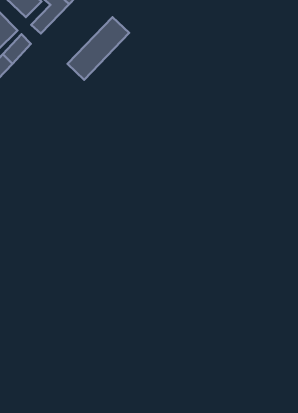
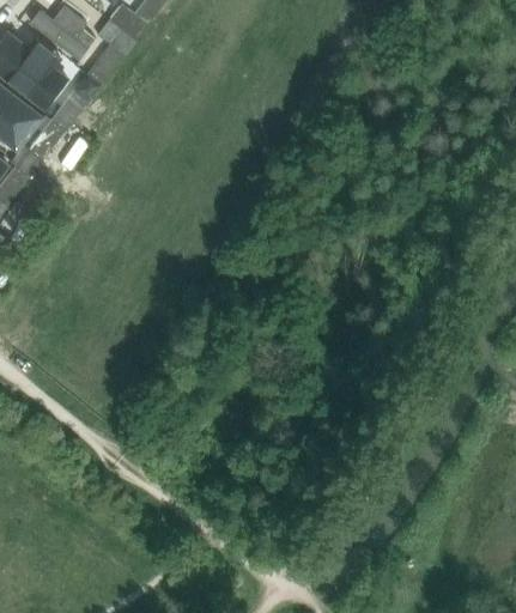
building: [68,17,129,80] -> none

